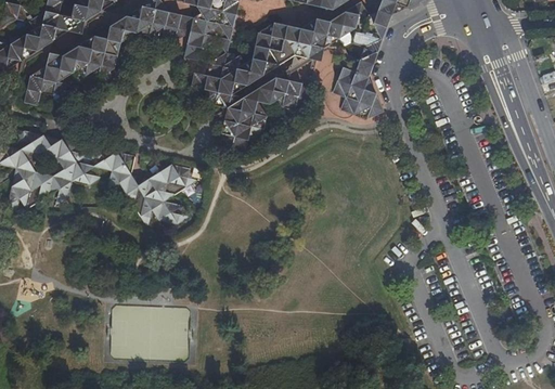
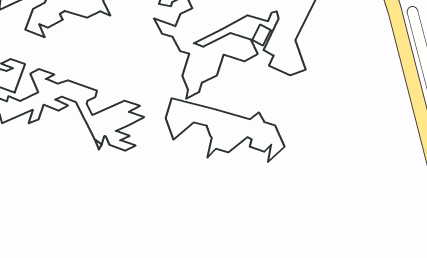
building: none -> [166,98,284,162]

